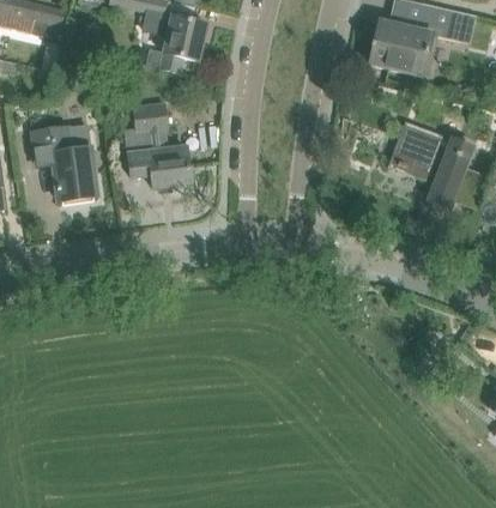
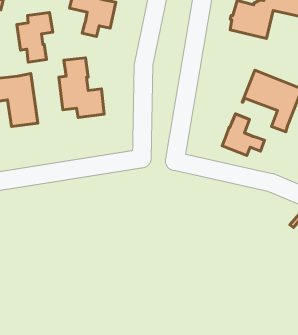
building: none -> [17,12,53,62]
building: none -> [222,114,265,155]

